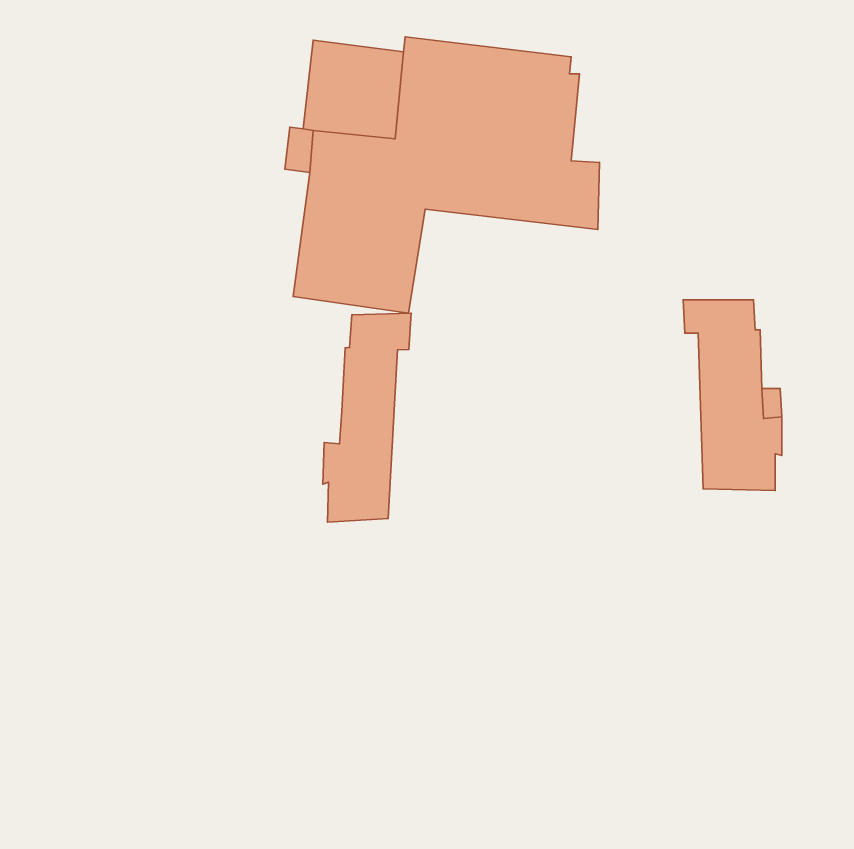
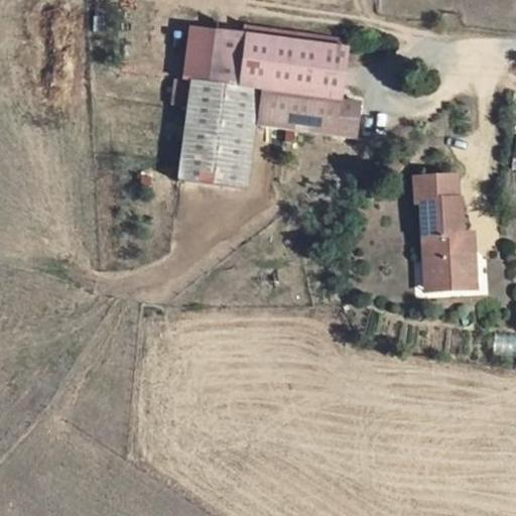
building: [323,313,411,522] -> none

